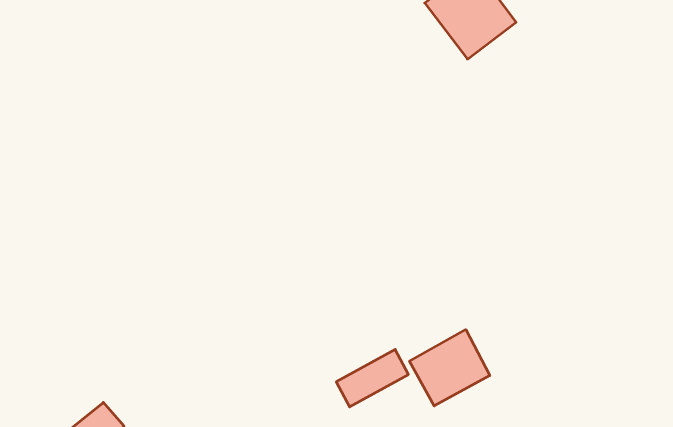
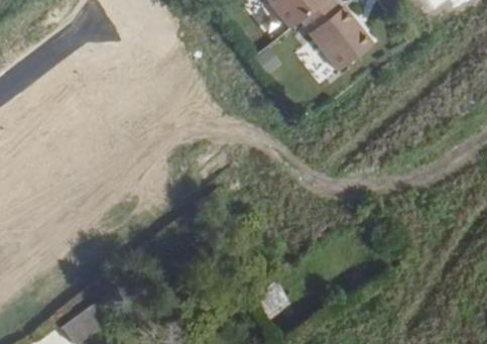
building: [410,330,490,406] -> none

